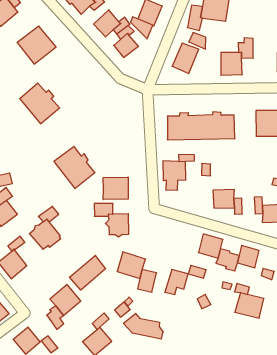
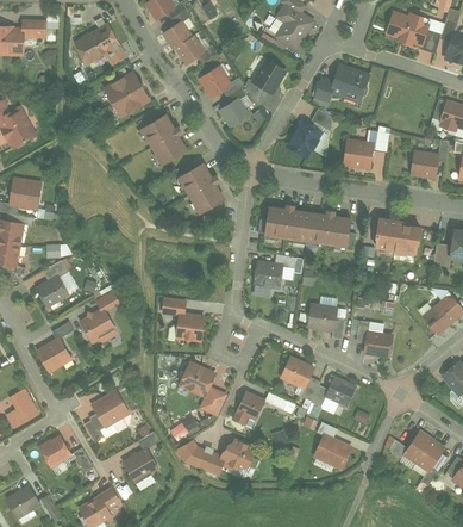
building: [20,83,60,124] -> [140,113,187,163]
building: [54,146,95,189] -> [177,162,225,213]
building: [103,177,128,200] -> none
building: [69,255,105,290] -> none
building: none -> [219,435,257,470]

